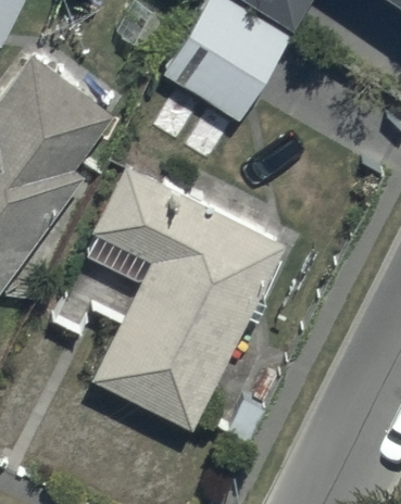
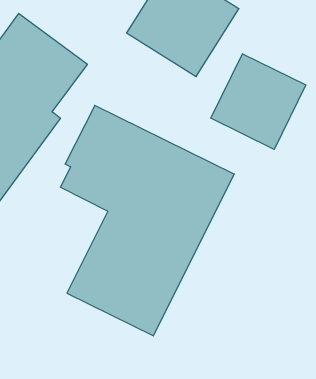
building: none -> [211,54,306,149]

